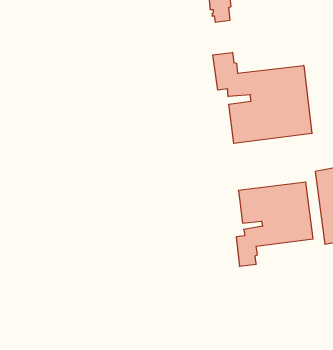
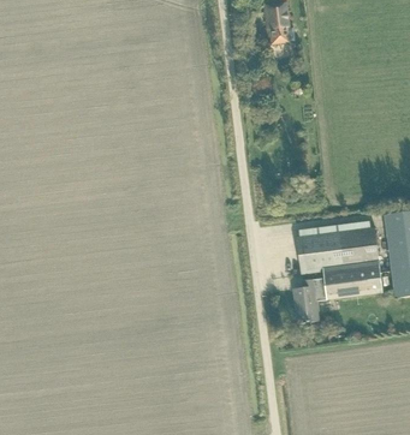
building: [213,52,312,143] -> none

